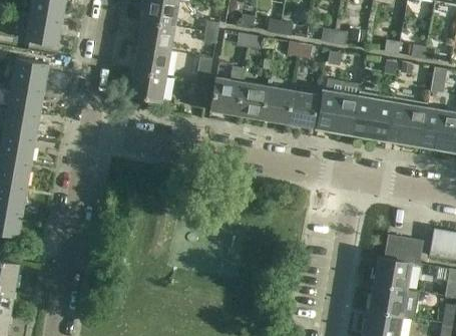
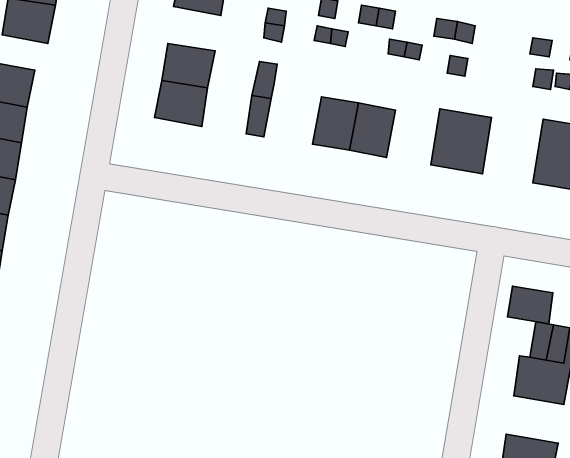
building: [138,20,174,50] -> none
building: [210,66,245,113] -> none
building: [287,90,318,126] -> none
building: [352,91,393,139] -> none
building: none -> [507,286,553,324]
building: [368,284,407,316] -> none

